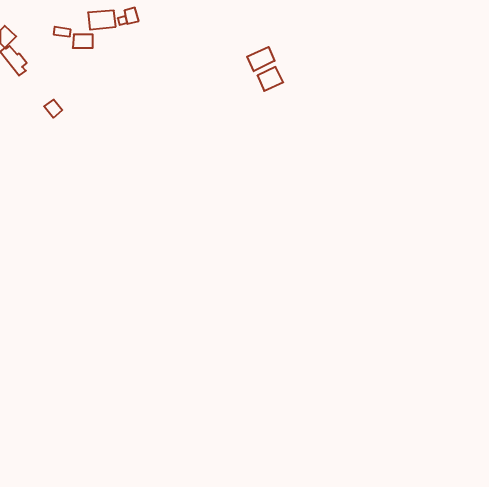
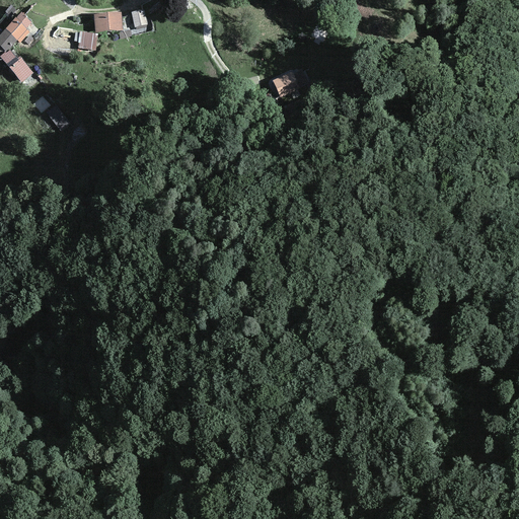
building: none -> [5,11,31,42]
building: [247,47,275,71] -> none

